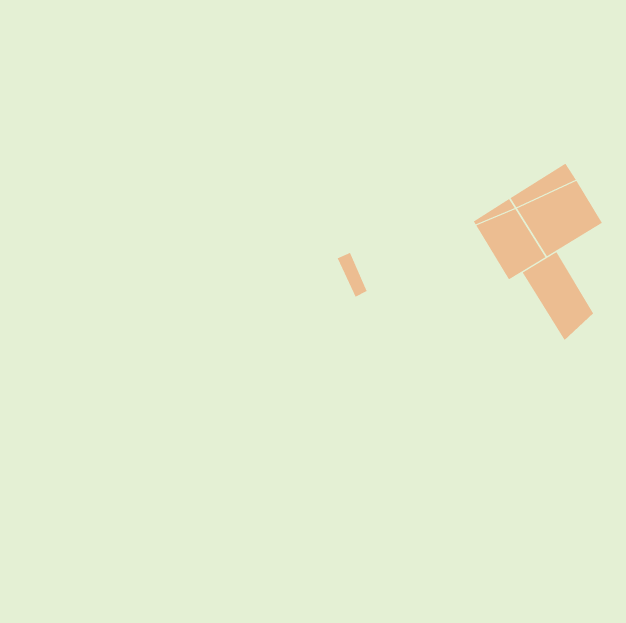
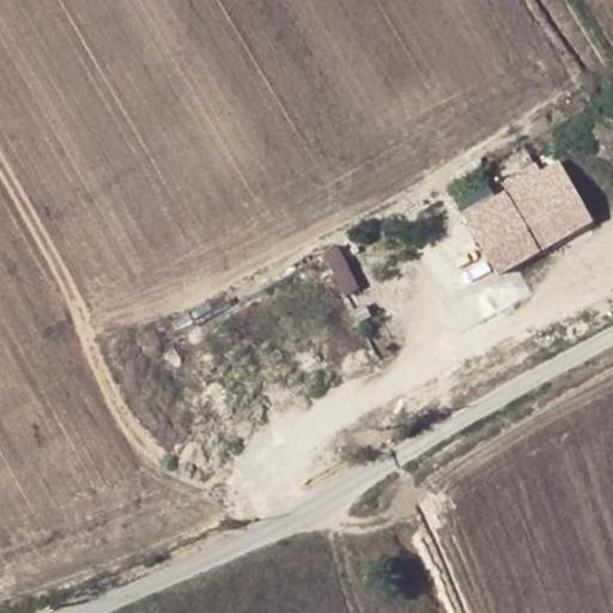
building: [522,251,594,341] -> none

